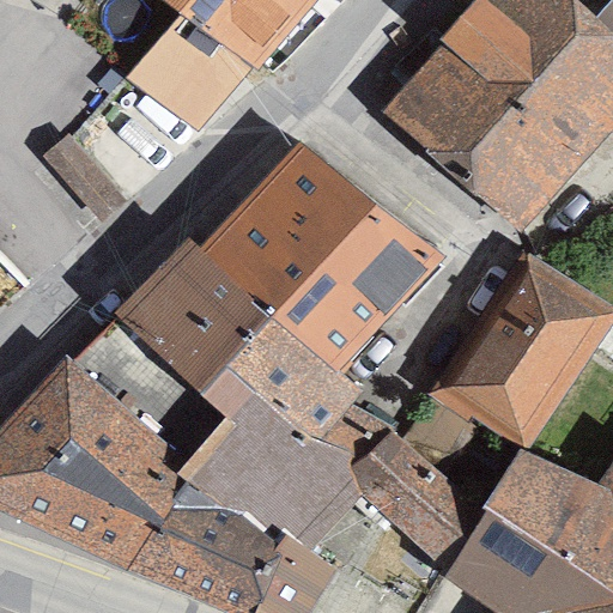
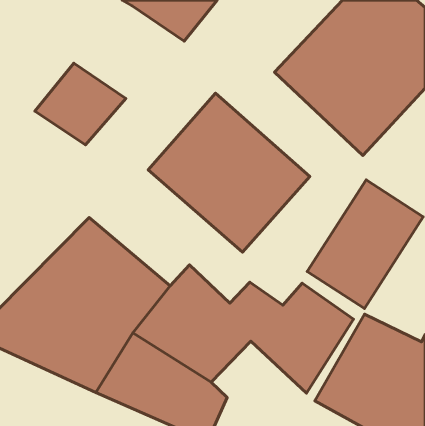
building: [133,13,262,129] -> [35,63,126,145]
building: [119,233,374,437] -> none

